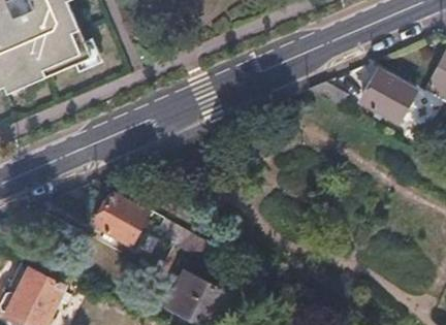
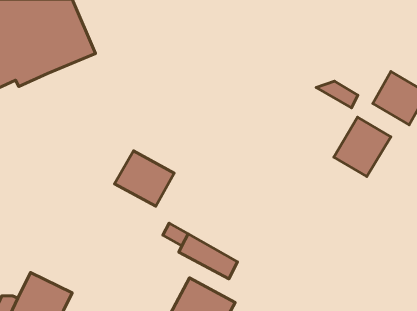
building: none -> [334,117,391,176]
building: [93,193,151,247] -> [114,151,174,206]

